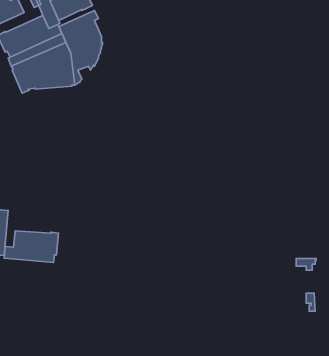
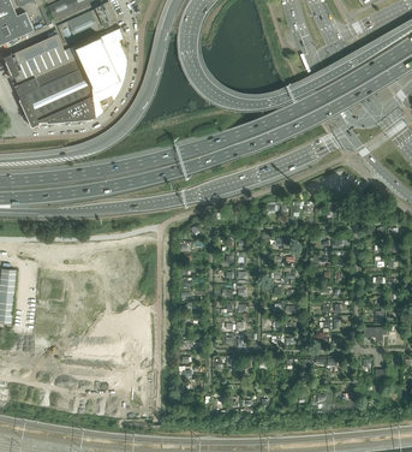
building: [4,231,58,262] -> none

